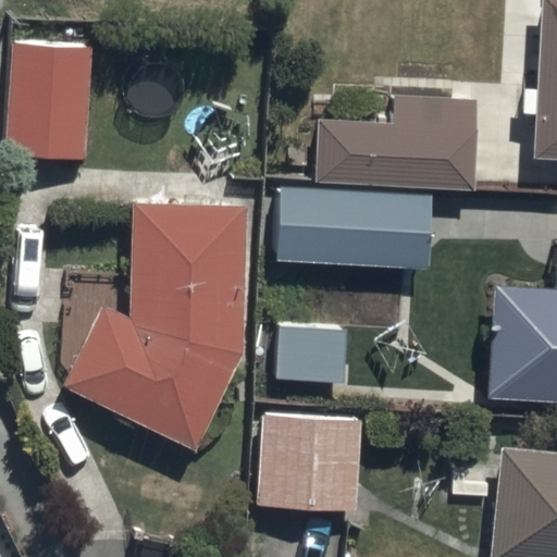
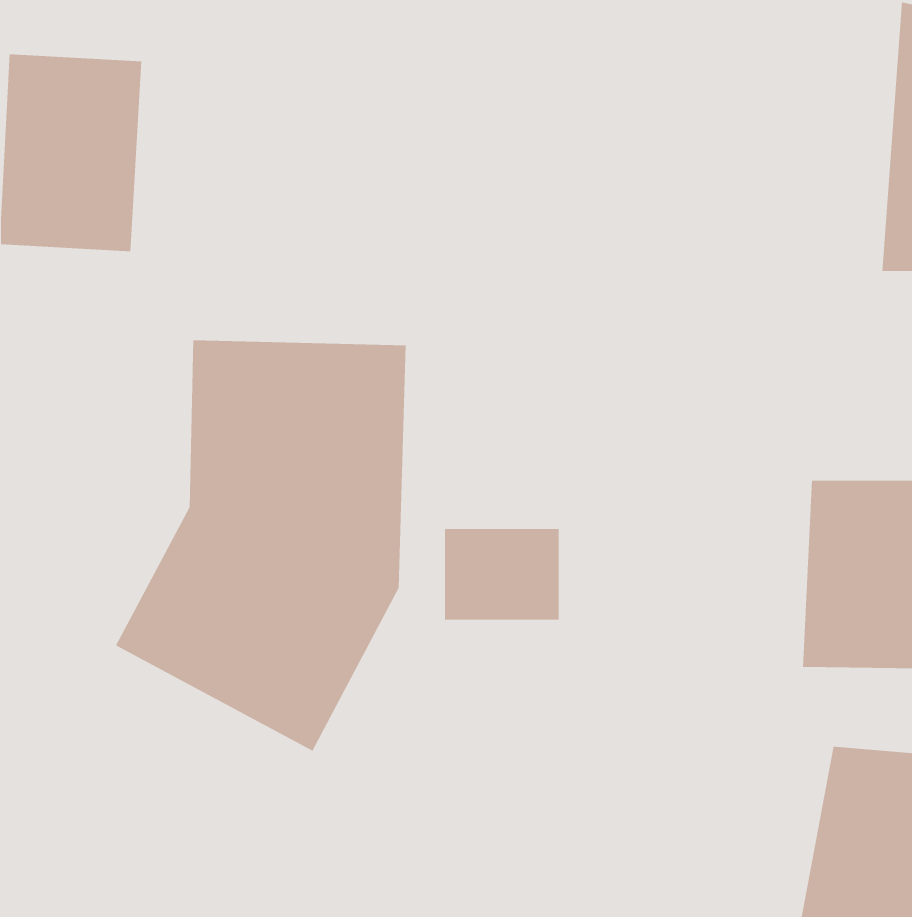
building: [311,89,476,183] -> none
building: [277,190,436,270] -> none
building: [253,407,358,499] -> none

